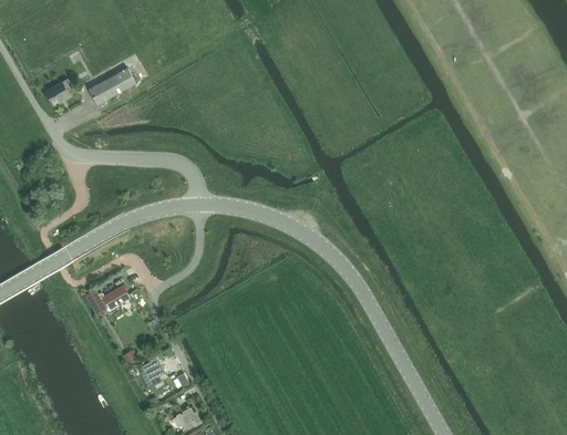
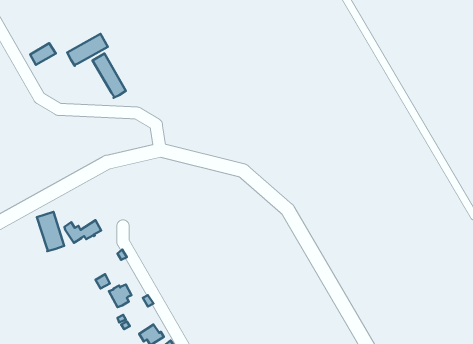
building: none -> [92,54,126,98]
building: none -> [37,212,64,251]

